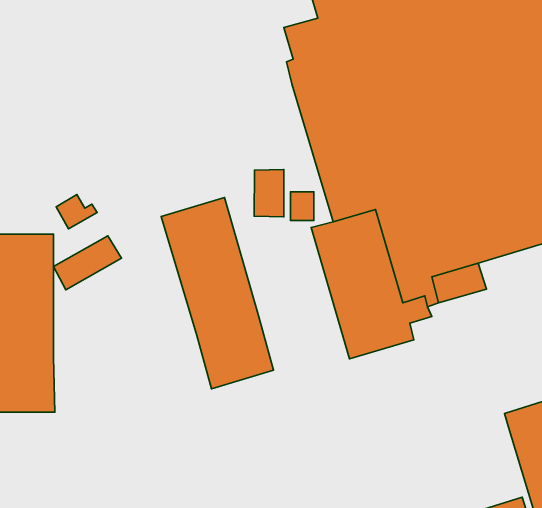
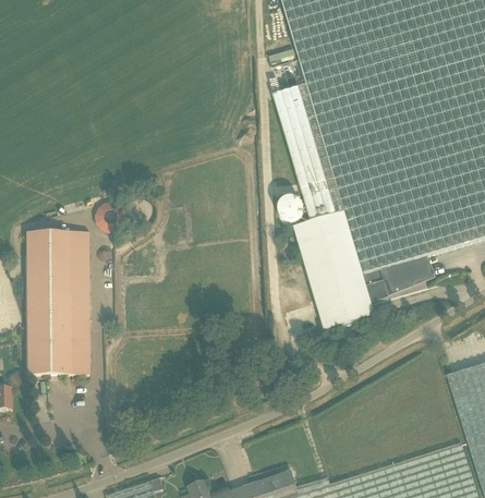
building: [254,170,284,217] -> none
building: [161,197,274,389] -> none
building: [53,236,122,290] -> none

